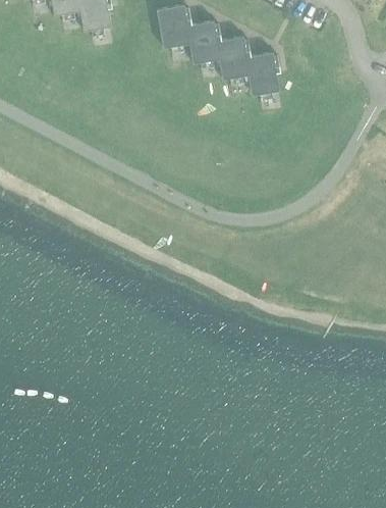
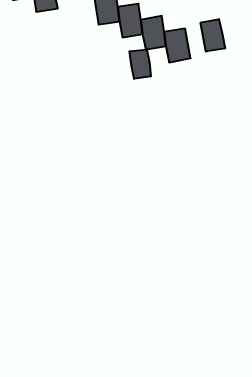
building: none -> [201,19,225,52]
building: none -> [129,49,151,79]

